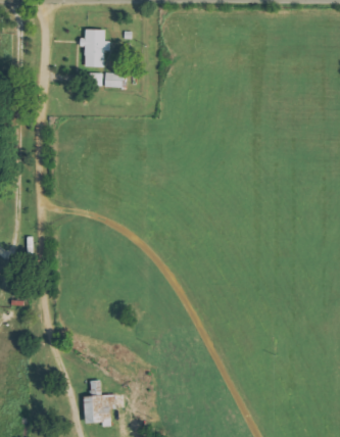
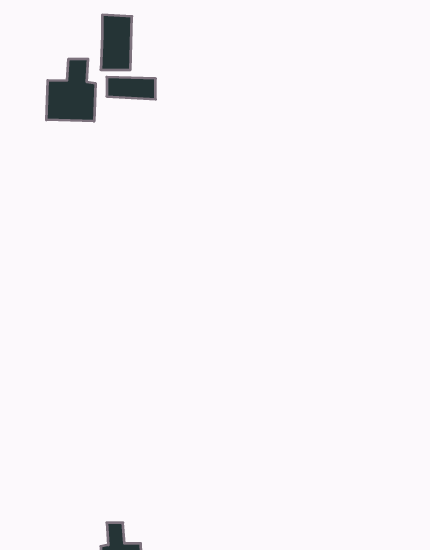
building: none -> [46,59,95,121]

